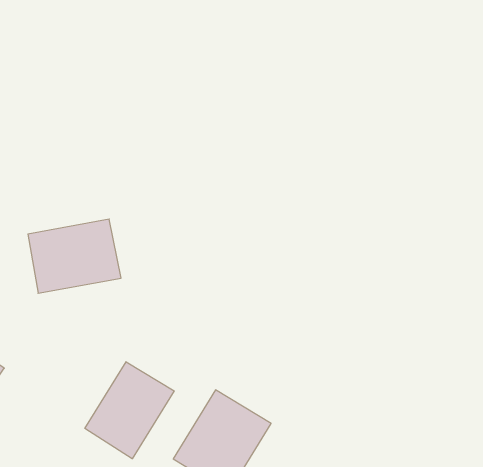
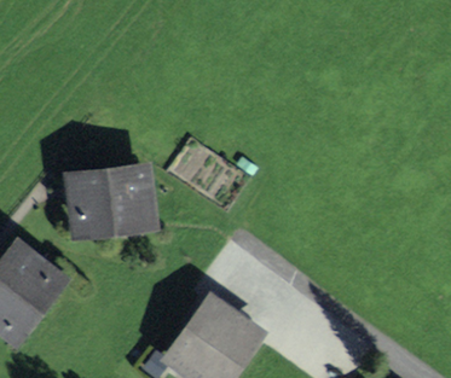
building: [85,362,174,459] -> none

